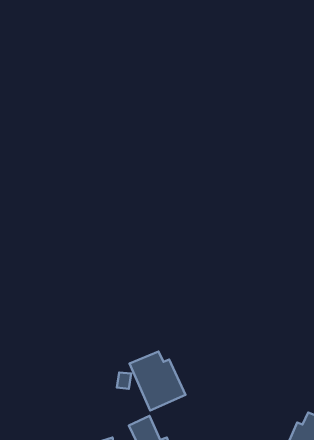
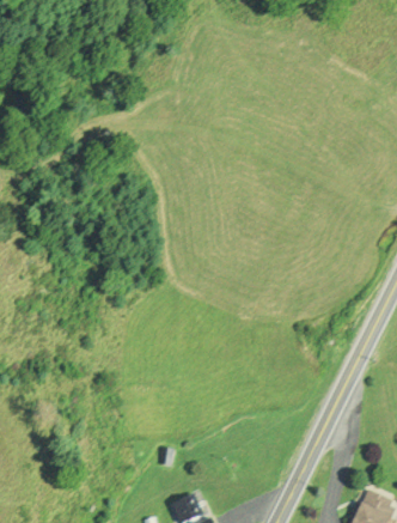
building: [130,351,186,410] -> none

